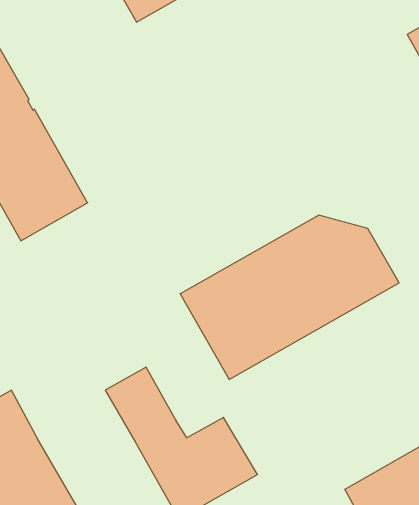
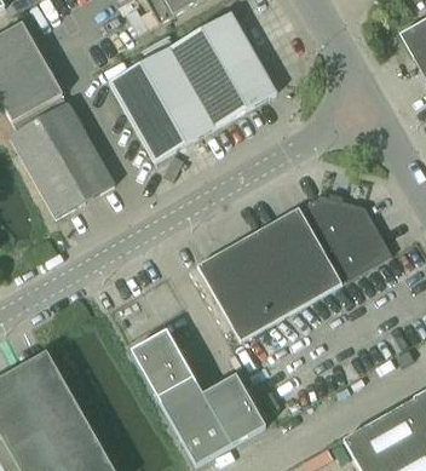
building: none -> [108,11,276,161]

